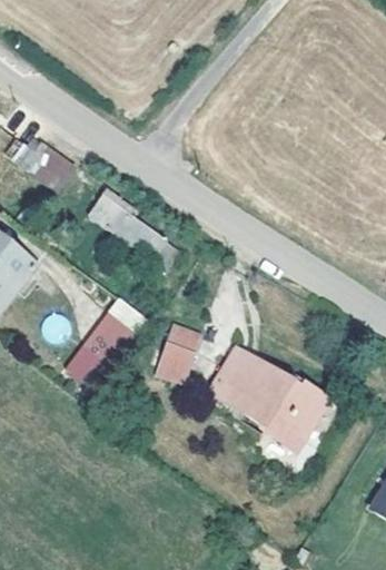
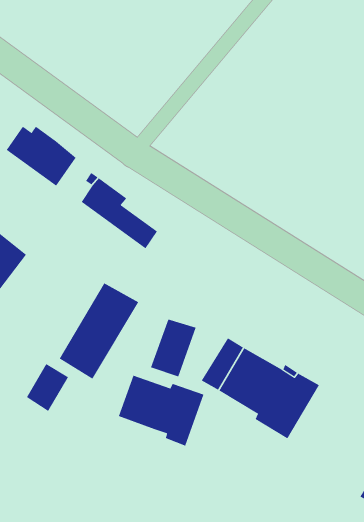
building: none -> [26,363,69,412]
building: none -> [118,375,204,447]

